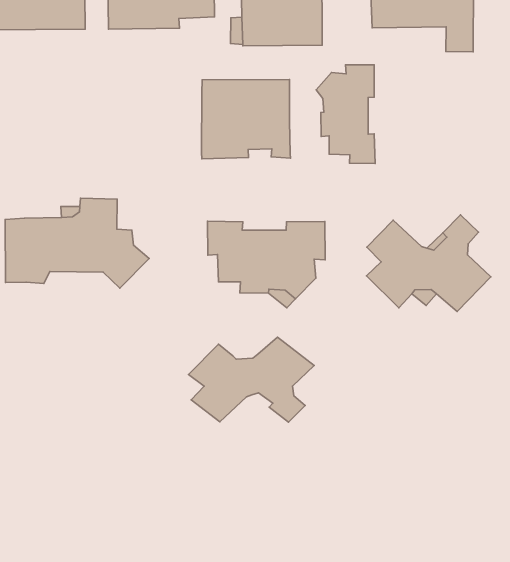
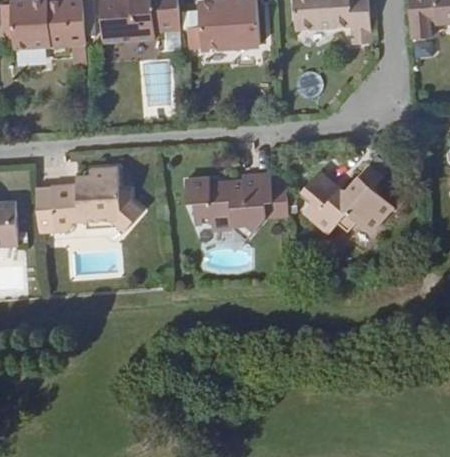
building: [316,65,375,163] -> none
building: [202,79,290,159] -> none
building: [188,337,314,422] -> none

